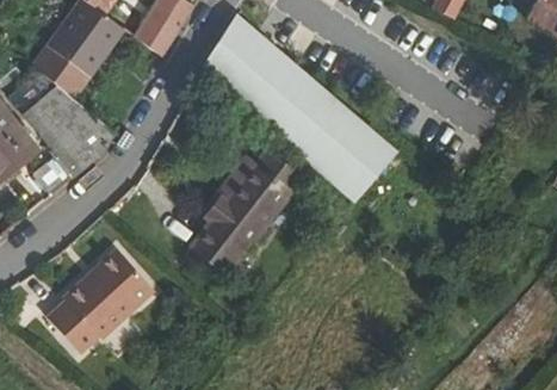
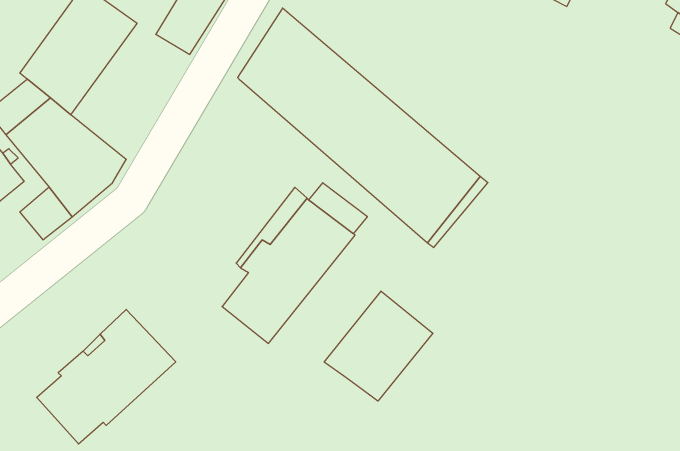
building: none -> [324,291,433,401]

